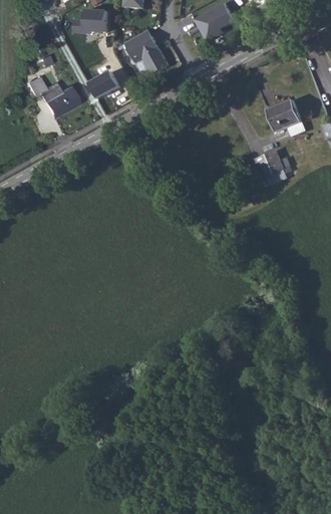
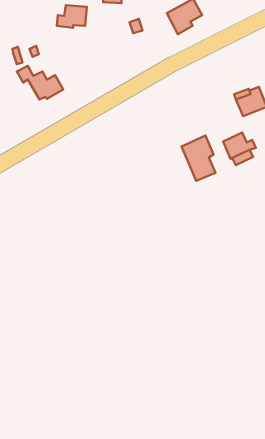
building: [121,28,162,73] -> none
building: [88,70,120,100] -> none
building: none -> [181,135,215,181]

